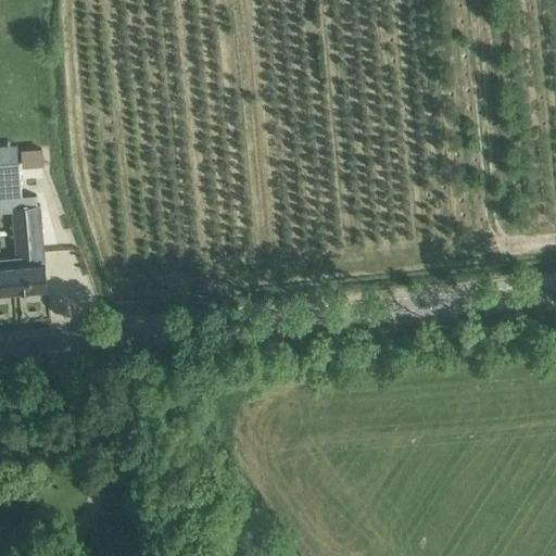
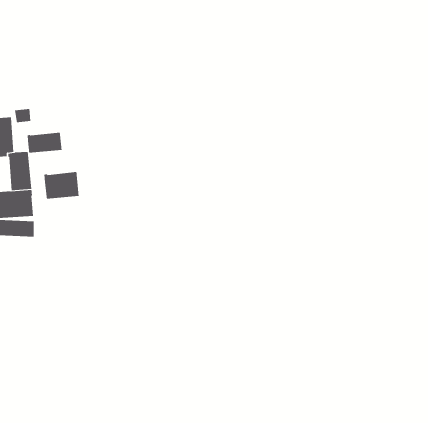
building: none -> [27,132,62,153]
building: none -> [44,171,79,199]

